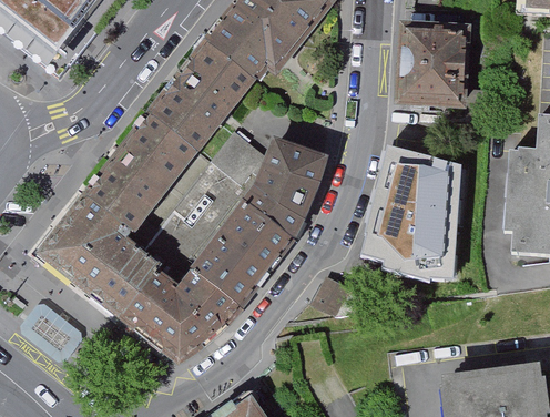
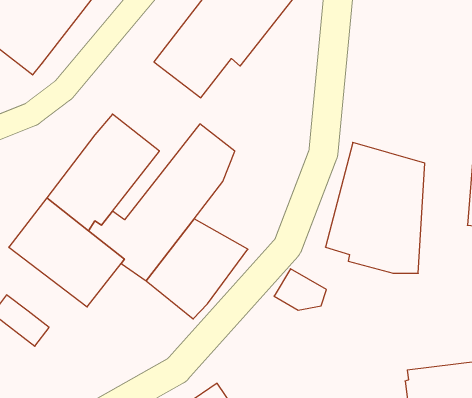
building: [399,28,462,105] -> none
building: [144,67,234,157] -> none
building: [227,141,326,257] -> none
building: [119,272,226,362] -> none

